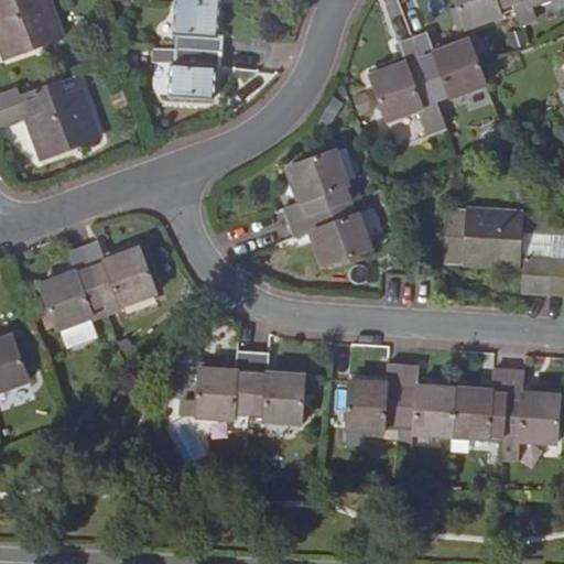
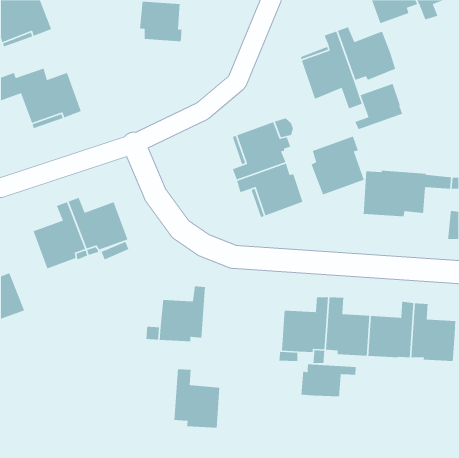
building: [172,48,223,97] -> none
building: none -> [354,83,403,130]
building: none -> [310,135,365,195]
building: [522,257,552,294] -> none
building: [248,351,305,425] -> [173,368,220,429]
building: none -> [301,363,356,397]

